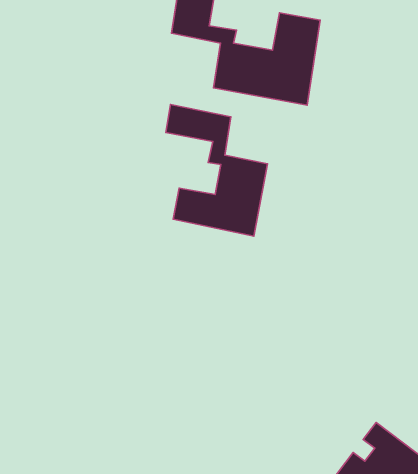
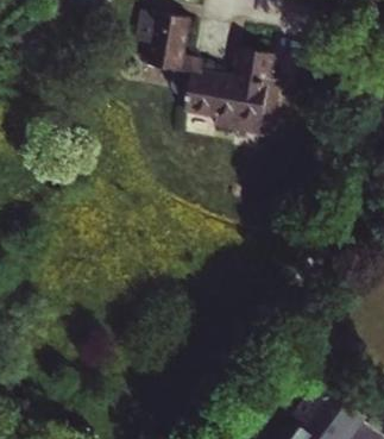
building: [166,104,267,236] -> none

